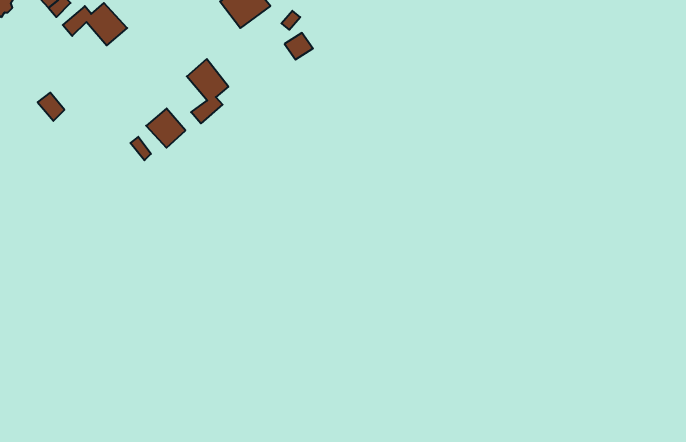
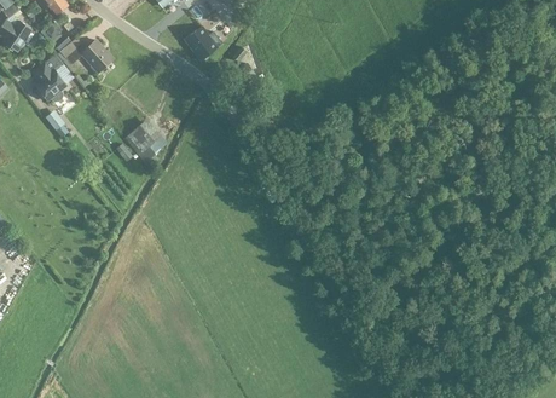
building: none -> [33,53,66,102]
building: [187,59,228,123] -> none

